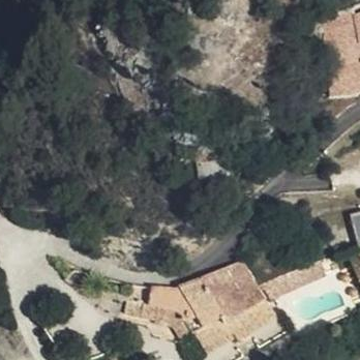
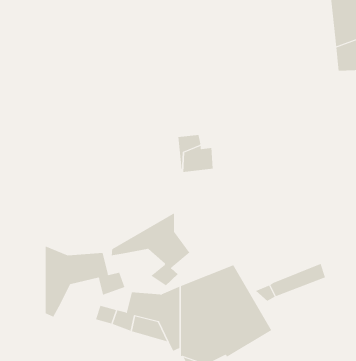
building: none -> [111,212,190,286]
building: none -> [45,246,125,318]

